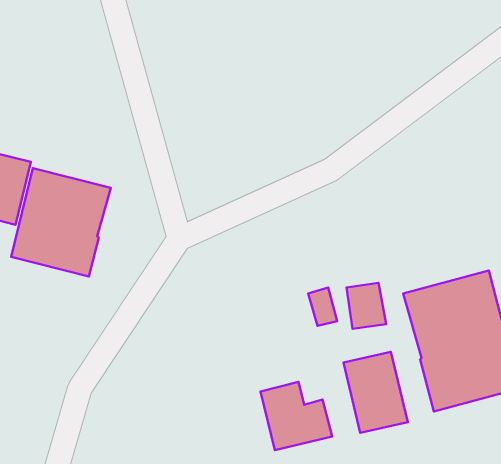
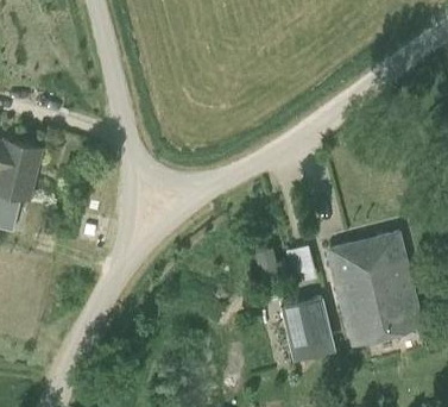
building: [11,168,111,277] -> none
building: [261,382,332,450] -> none

